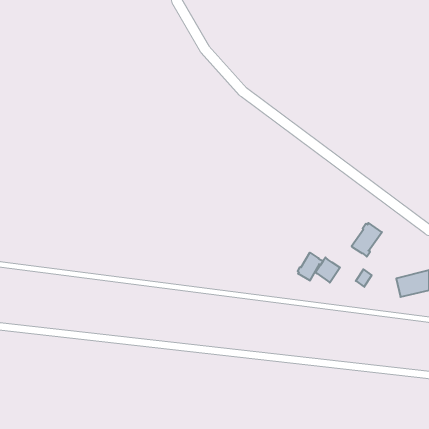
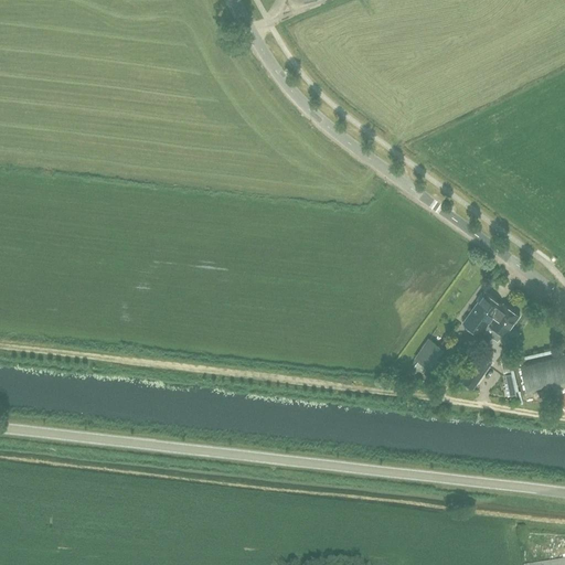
building: none -> [483,305,519,340]
building: [298,253,323,281] -> none

